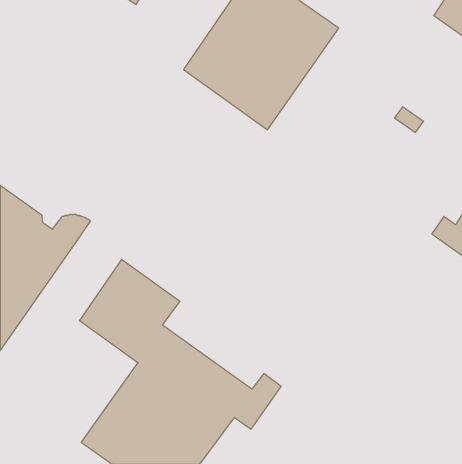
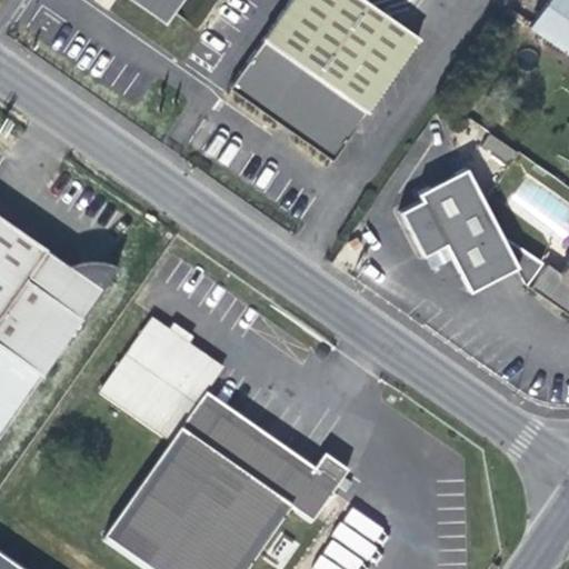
building: none -> [400,167,531,291]

